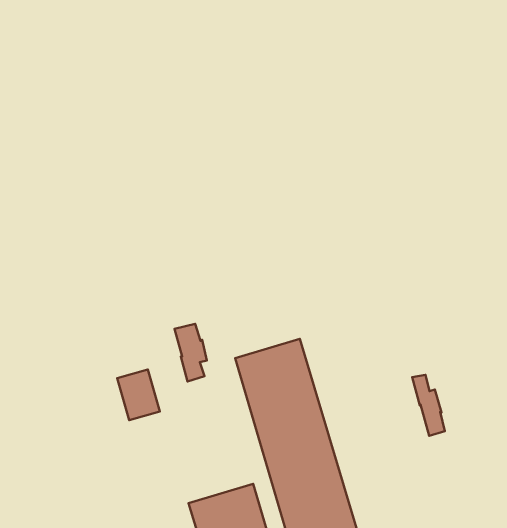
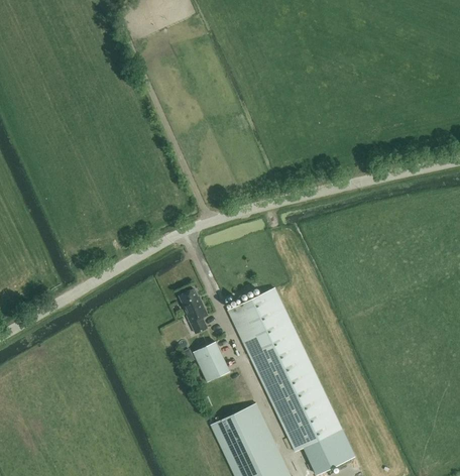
building: [117,370,160,420] -> [193,341,229,381]
building: [412,375,445,436] -> none

